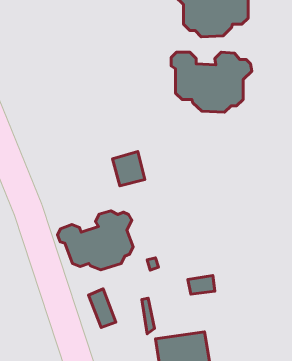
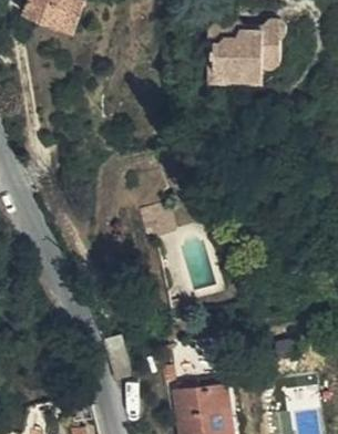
building: [171,52,252,112] -> none
building: [58,211,133,270] -> none

